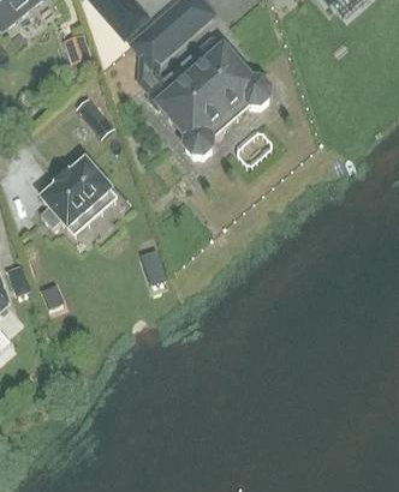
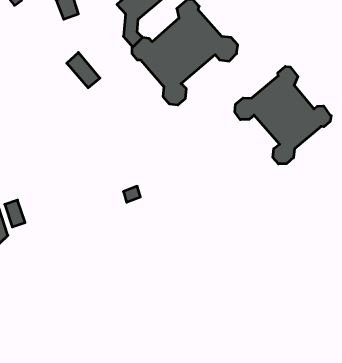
building: none -> [235,66,331,164]
building: [41,161,111,228] -> none

